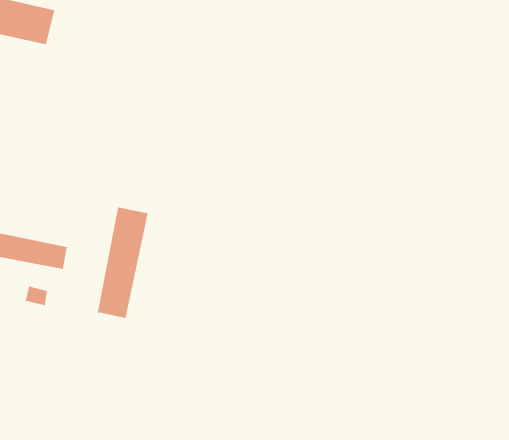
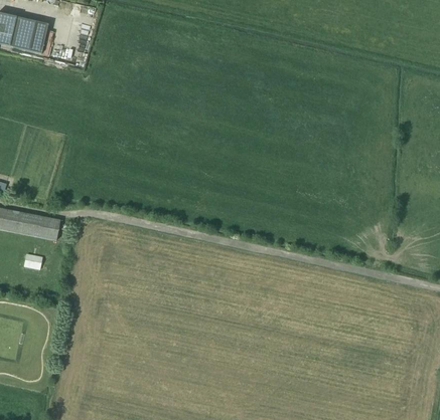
building: [97,206,149,319] -> none

